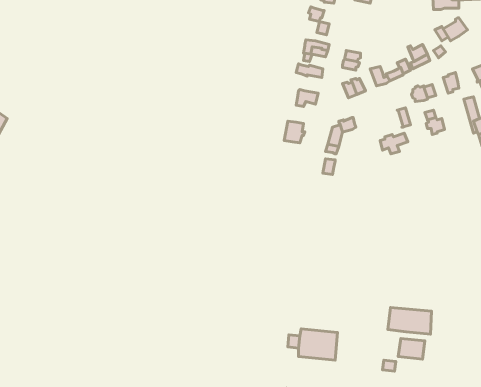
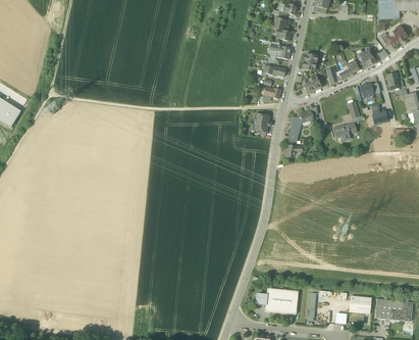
building: [388,308,432,334] -> [375,299,412,322]

